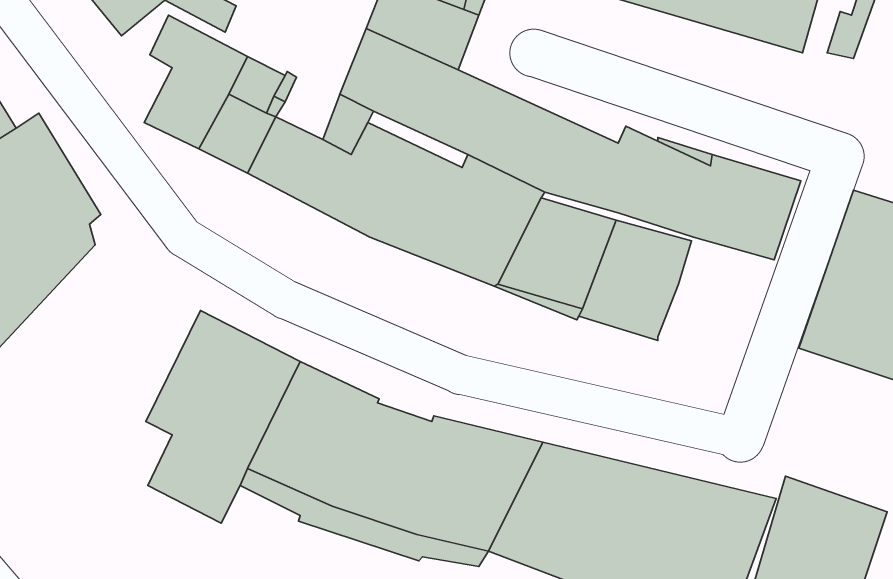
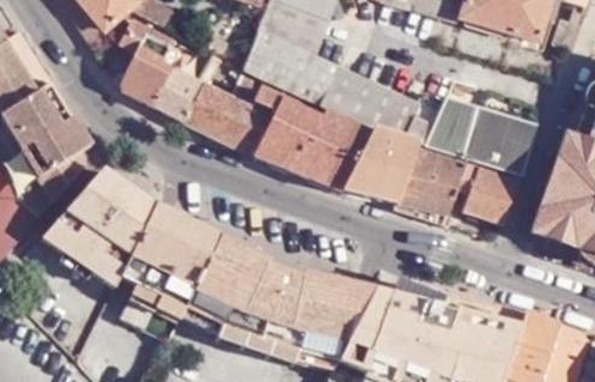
building: none -> [456,159,516,220]
building: none -> [34,163,152,284]

